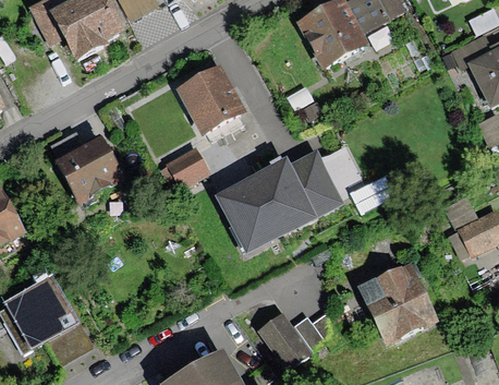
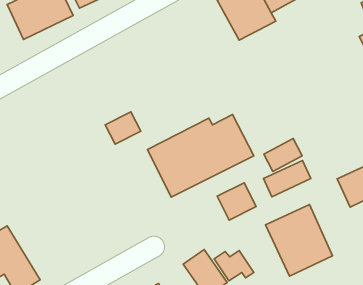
building: [173,59,245,134] -> none
building: [48,131,122,200] -> none
building: none -> [263,160,311,197]
building: none -> [217,183,256,220]

